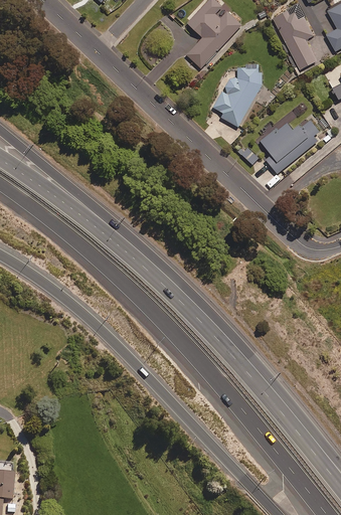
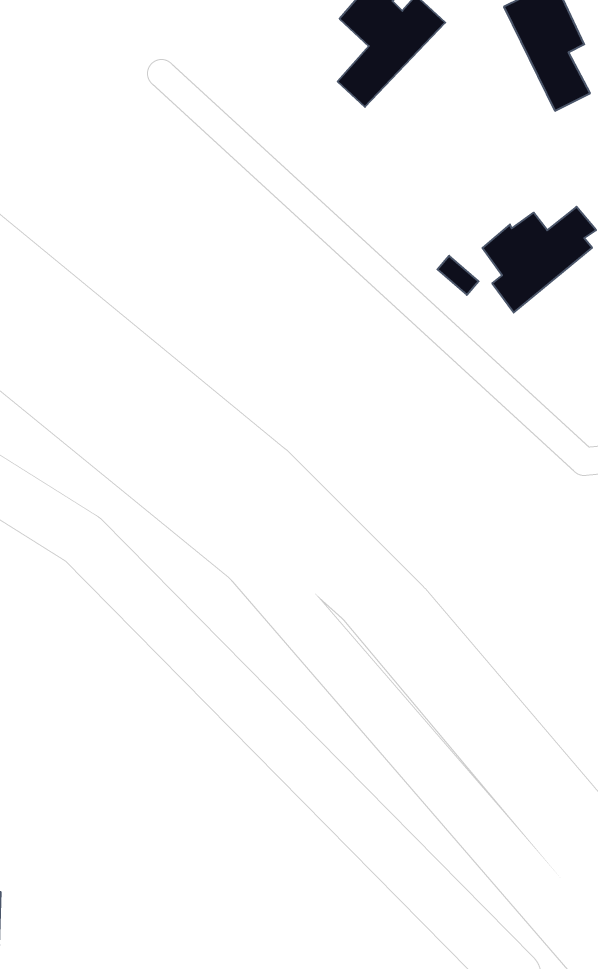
building: [211,64,262,127] -> none

